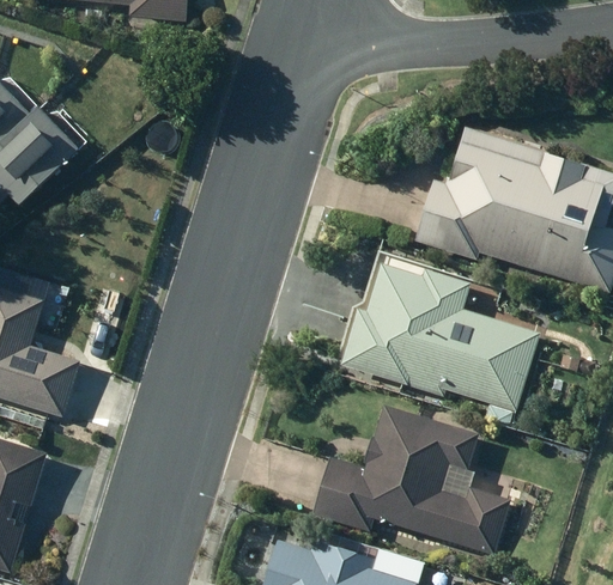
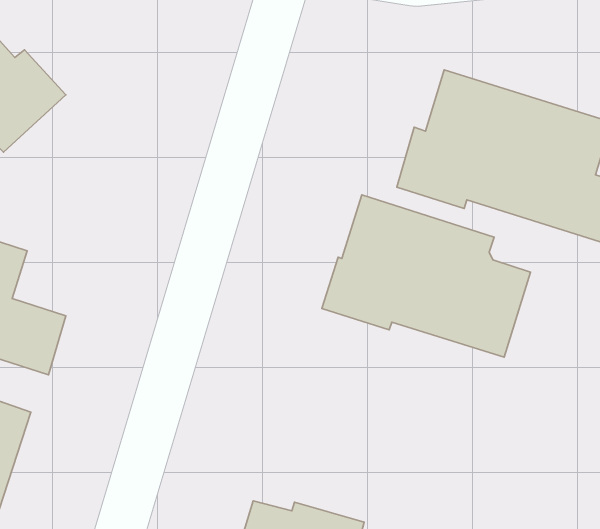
building: [304,406,508,553] -> none

